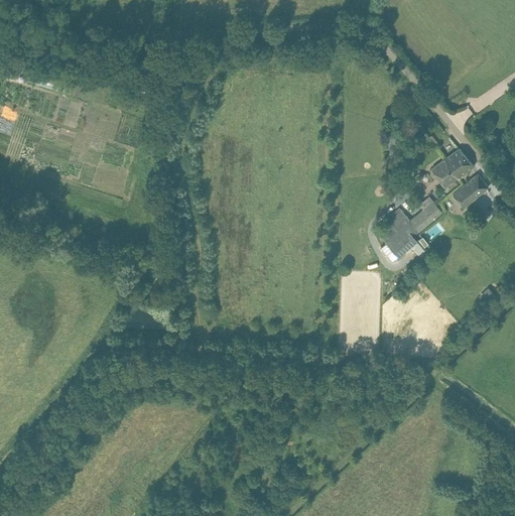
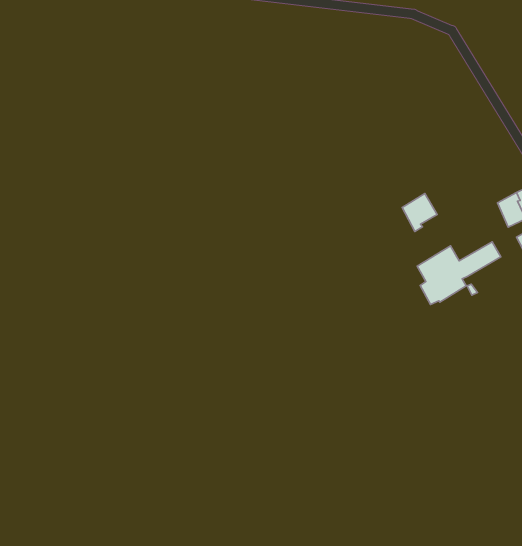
building: none -> [402,194,437,232]

